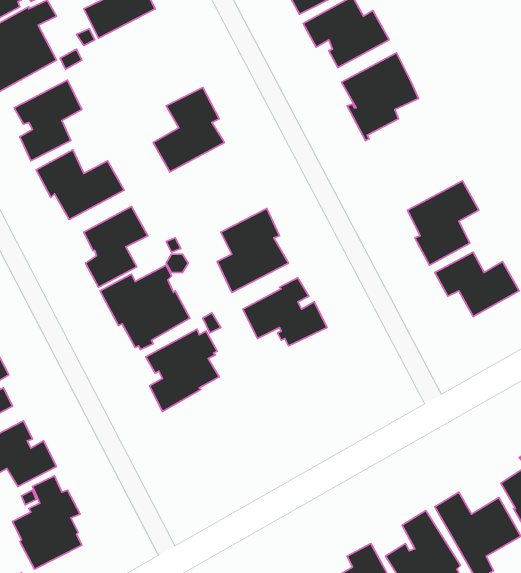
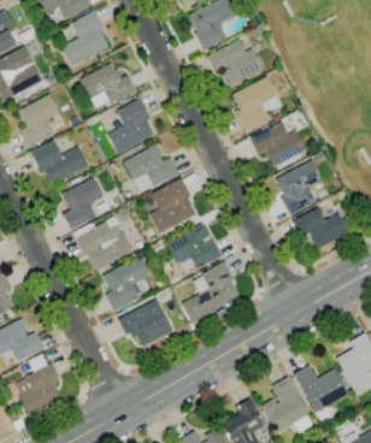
building: none -> [80,63,135,108]
building: none -> [251,122,306,166]
building: none -> [123,144,179,194]
building: none -> [181,261,240,323]
building: none -> [117,299,173,348]

